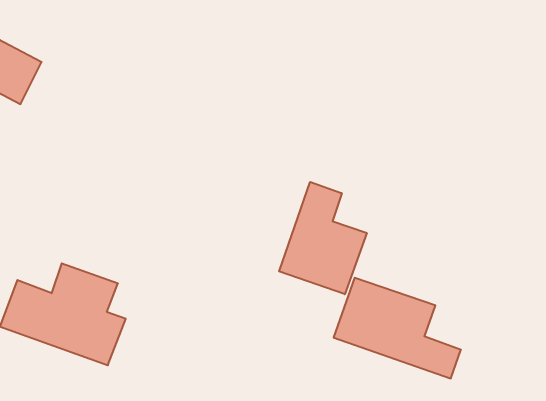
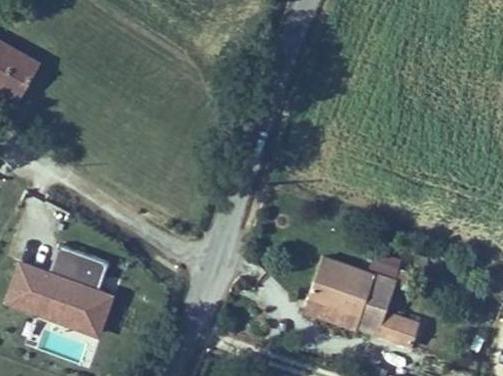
building: [279,182,367,294] -> none

